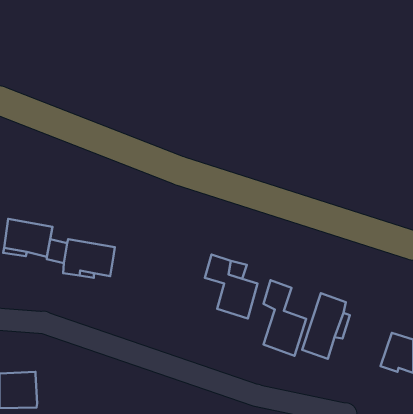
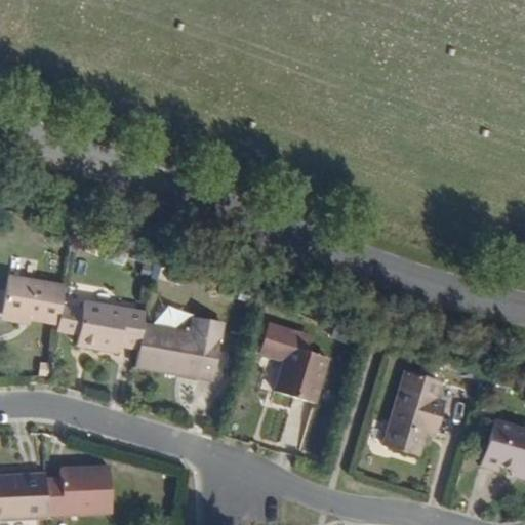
building: none -> [136,318,225,380]
building: [263,280,306,356] -> none
building: none -> [45,461,116,511]

